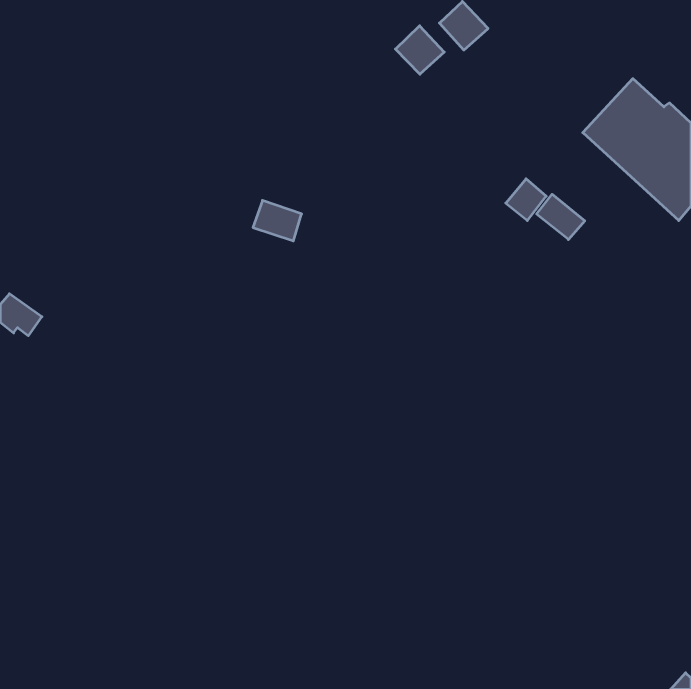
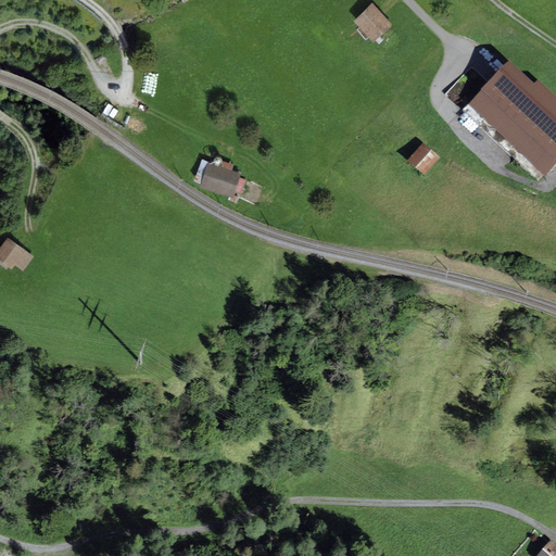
building: [395,26,444,74] -> none
building: [537,194,585,240] -> none

